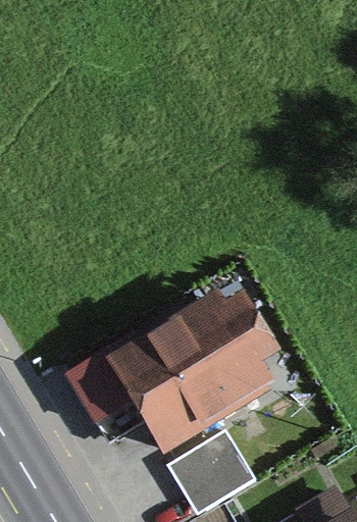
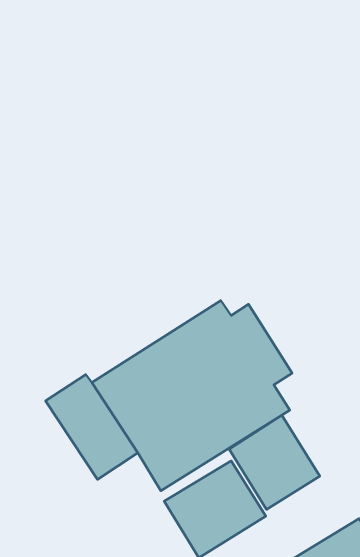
building: none -> [229,415,320,509]

